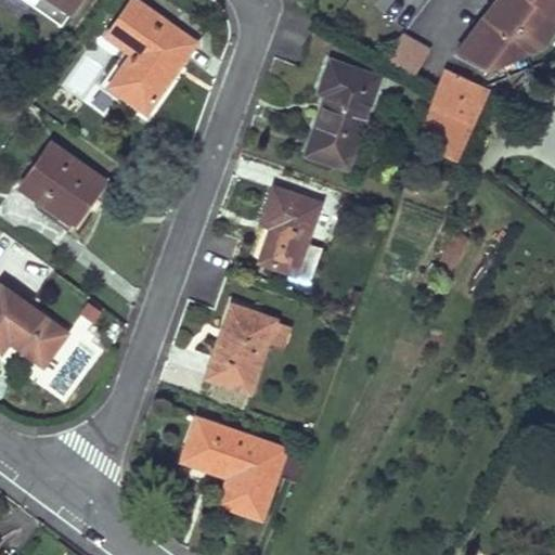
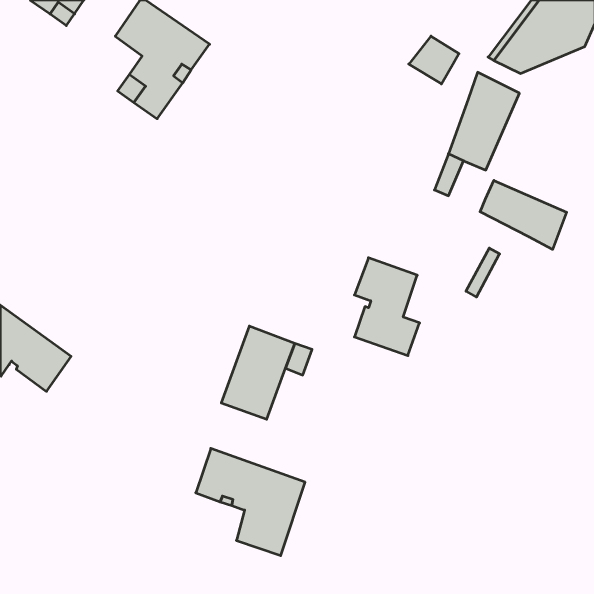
building: [304,60,383,169] -> none
building: [20,143,105,224] -> none
building: none -> [480,180,567,249]
building: [261,188,322,279] -> [354,258,420,356]

